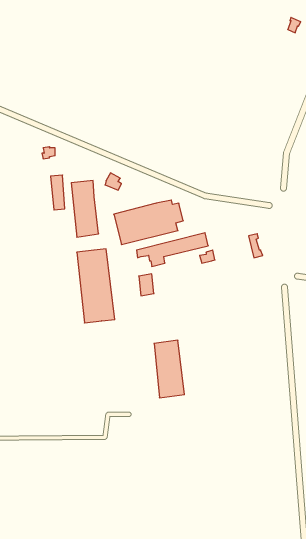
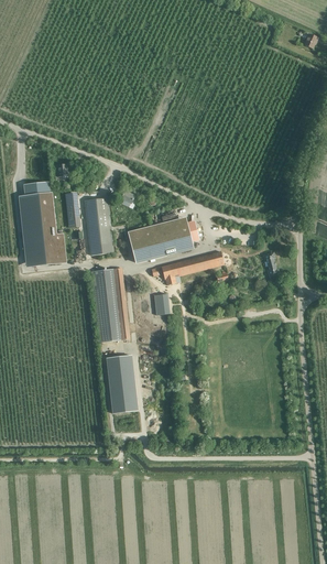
building: none -> [18,181,65,265]
building: [154,340,184,398] -> [106,354,137,412]

